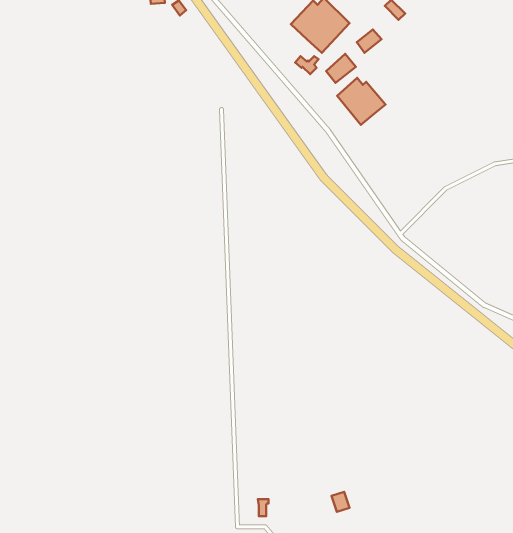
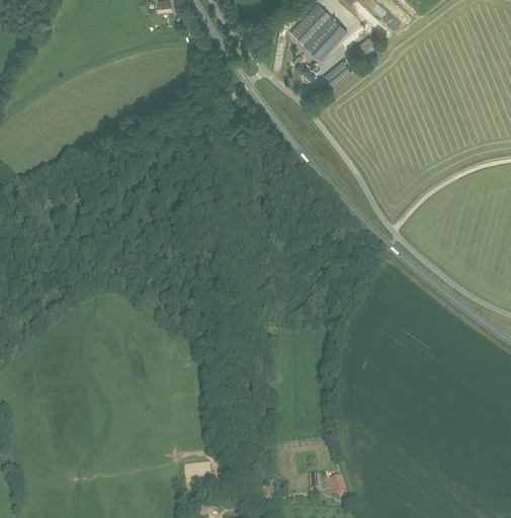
building: [337,78,385,125] -> none

